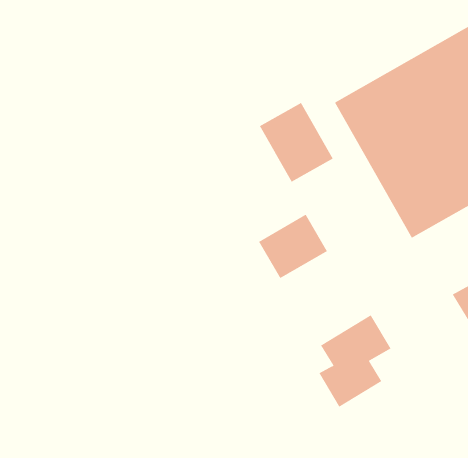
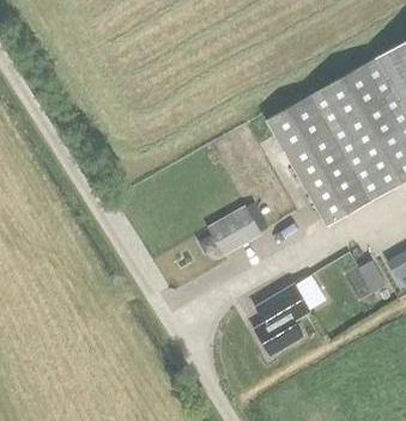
building: [259,102,333,183] -> none

